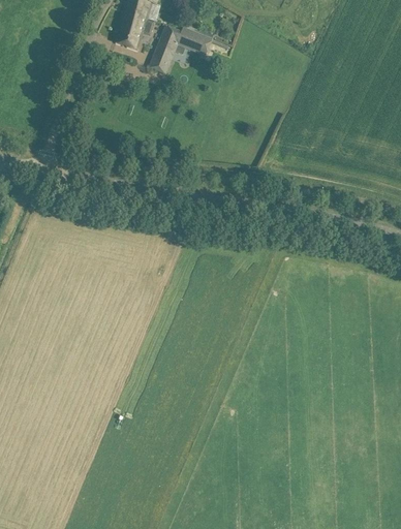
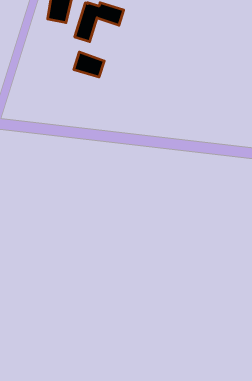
building: none -> [74,52,104,77]

